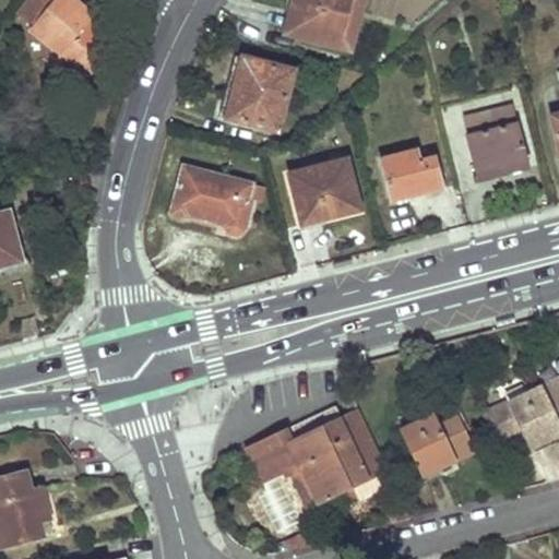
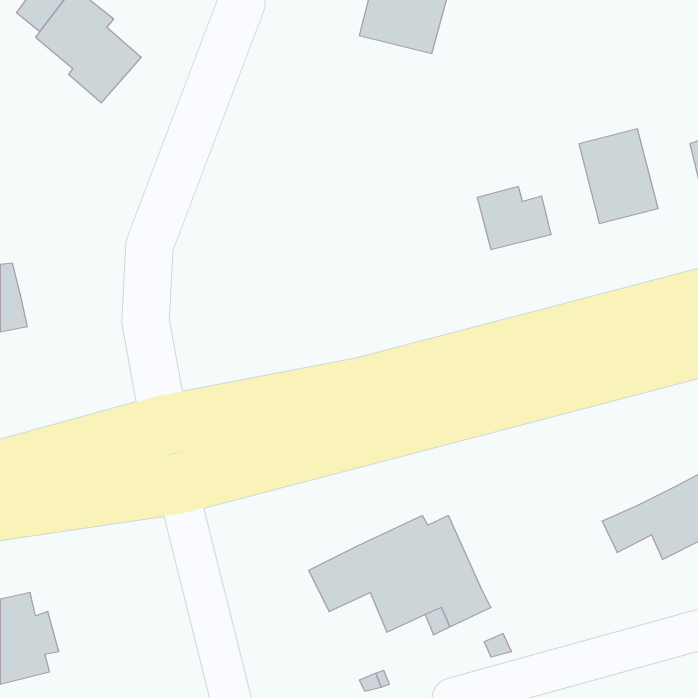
building: [226,58,293,129] -> none
building: [288,158,359,222] -> none
building: [170,165,253,234] -> none
building: [400,415,474,476] -> none

